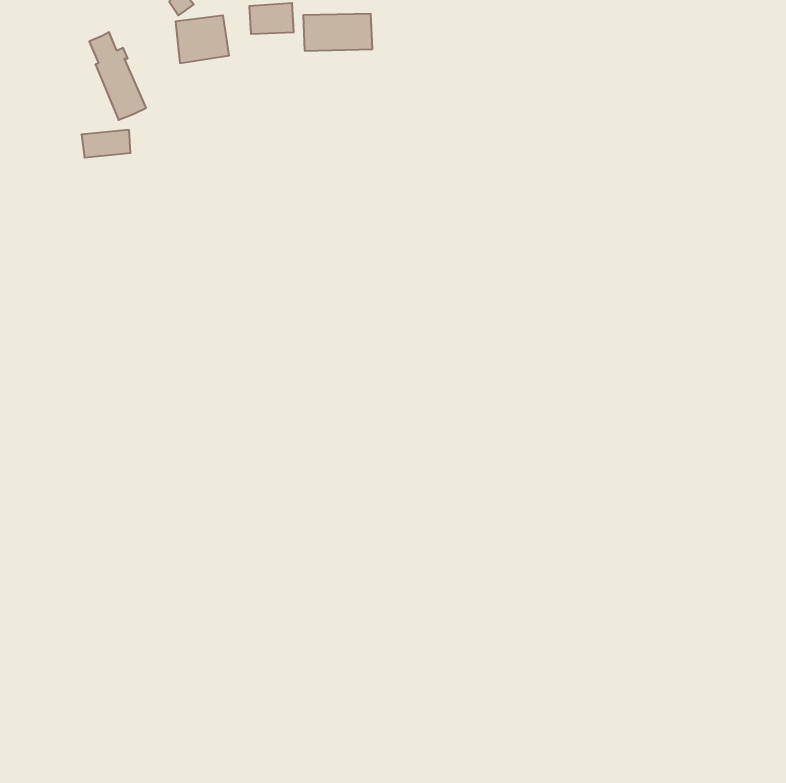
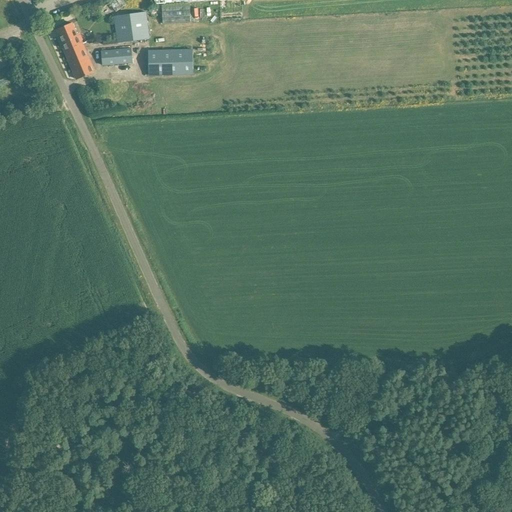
building: [303,14,372,51] -> [149,50,194,74]
building: [81,130,131,158] -> [101,46,133,64]

